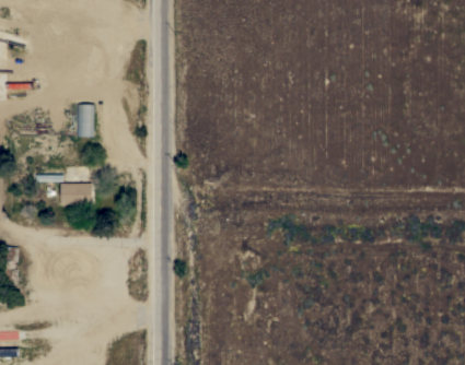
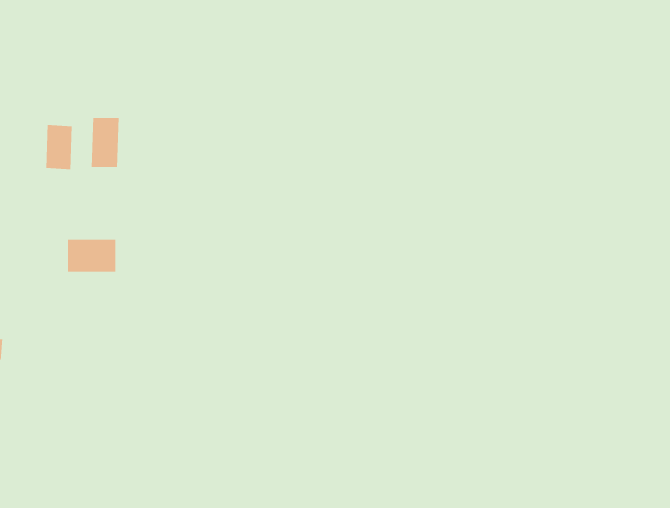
building: none -> [45,124,73,170]

